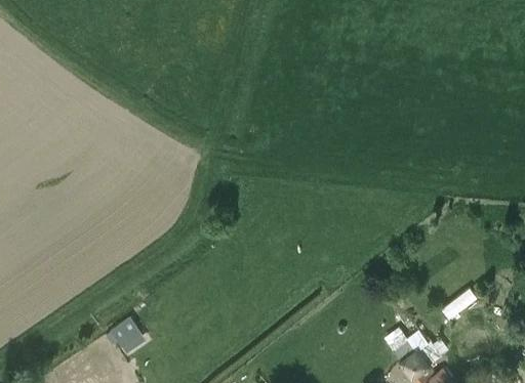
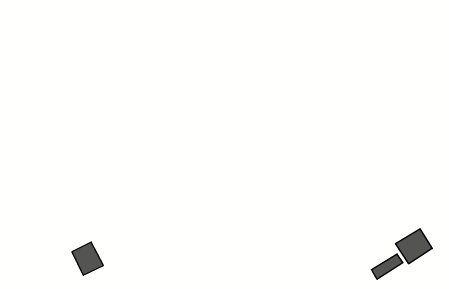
building: none -> [396,229,432,264]

